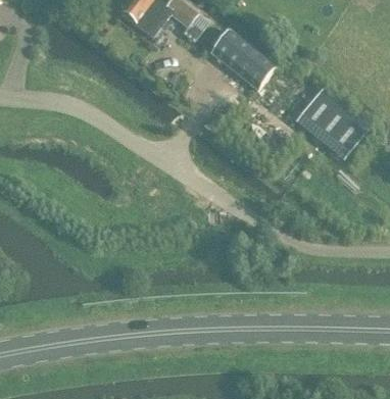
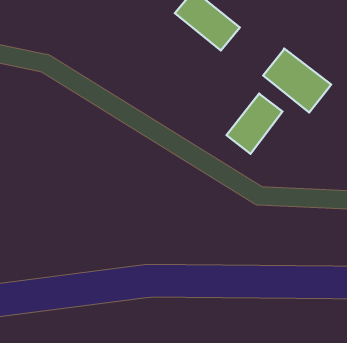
building: none -> [226,93,282,154]

